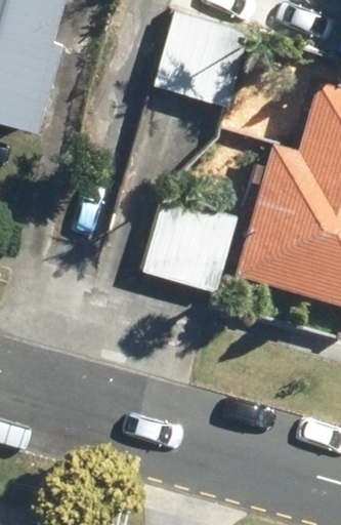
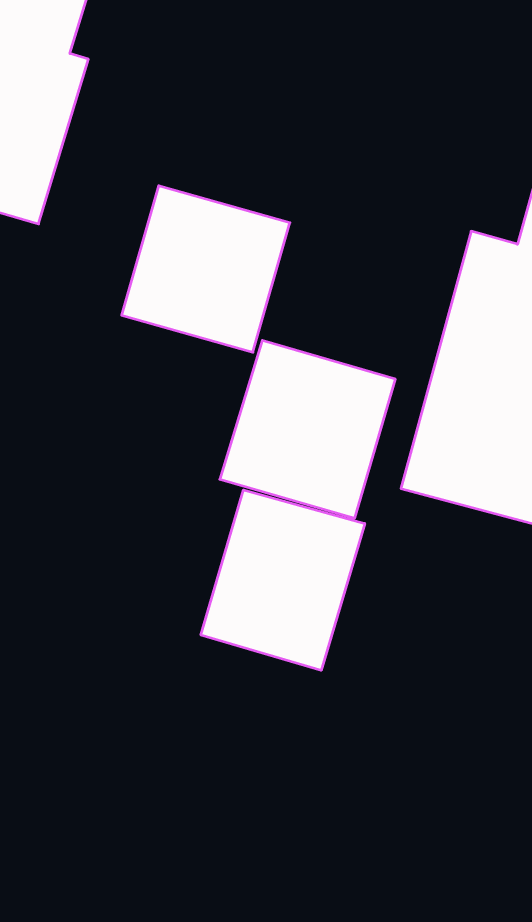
building: [153,13,246,106] -> [122,186,290,352]
building: none -> [201,490,365,670]

